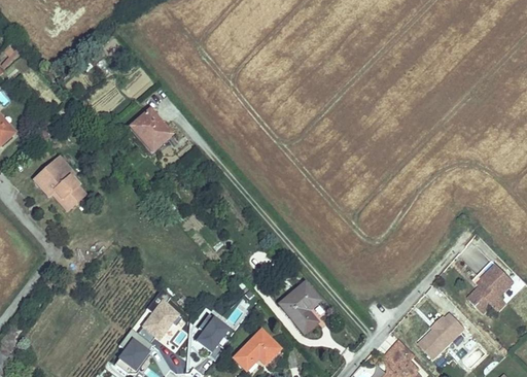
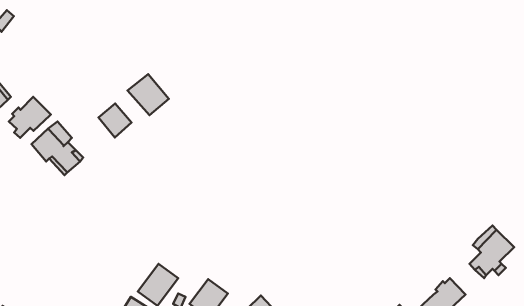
building: none -> [9,97,51,138]
building: none -> [98,103,132,138]
building: [279,283,319,334] -> none

